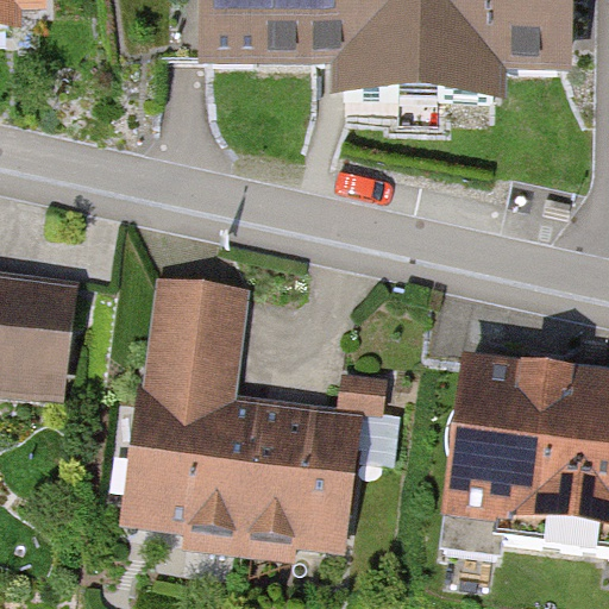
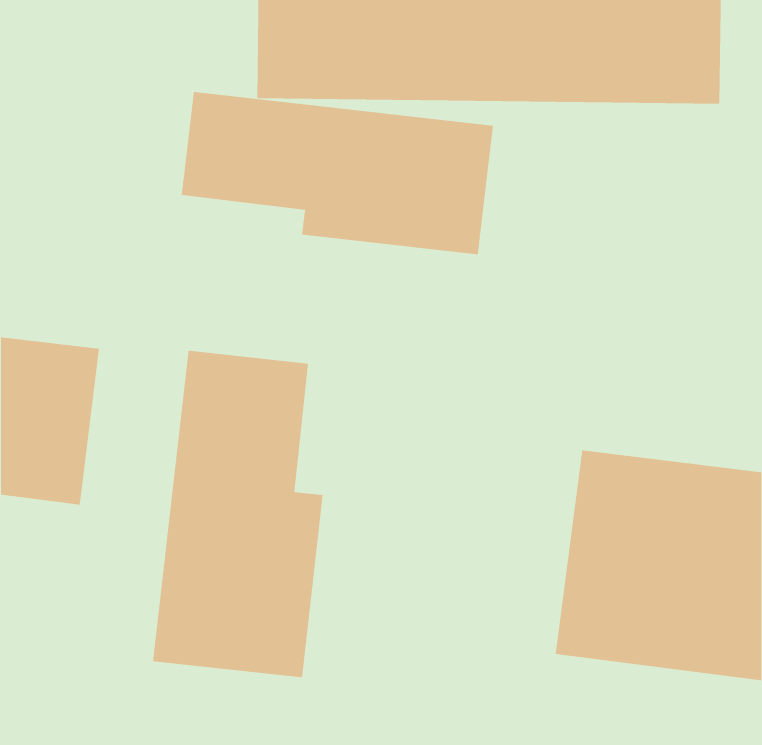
building: none -> [181,91,494,255]
building: [241,371,364,552] -> none

